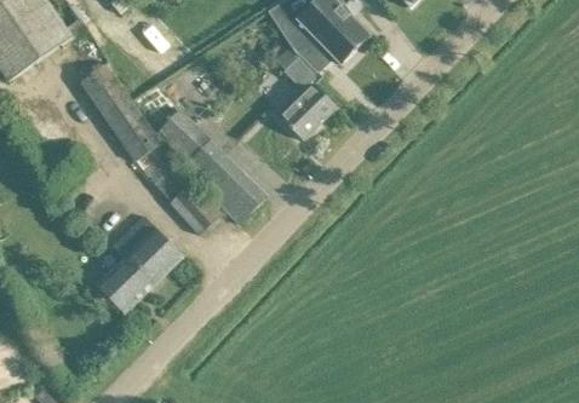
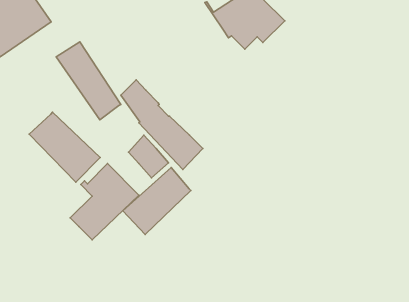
building: [275,52,337,138] -> none
building: none -> [29,112,100,182]
building: none -> [123,168,191,235]

